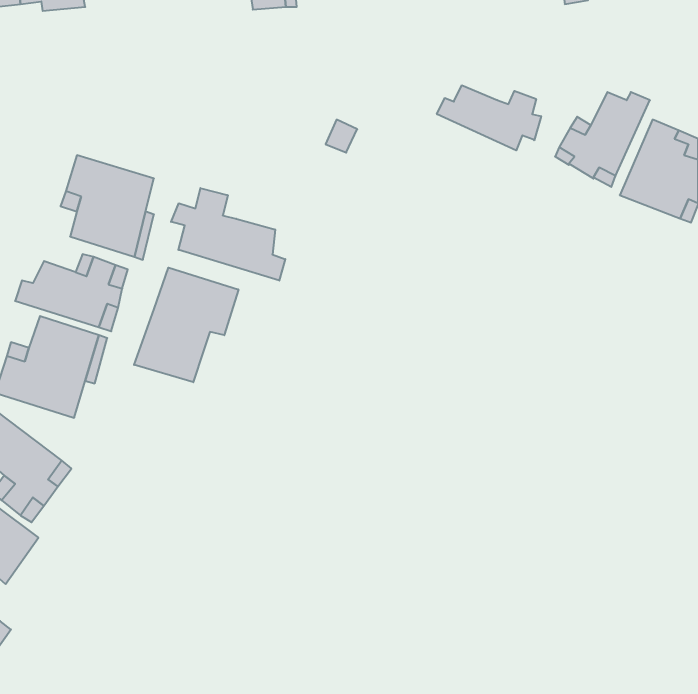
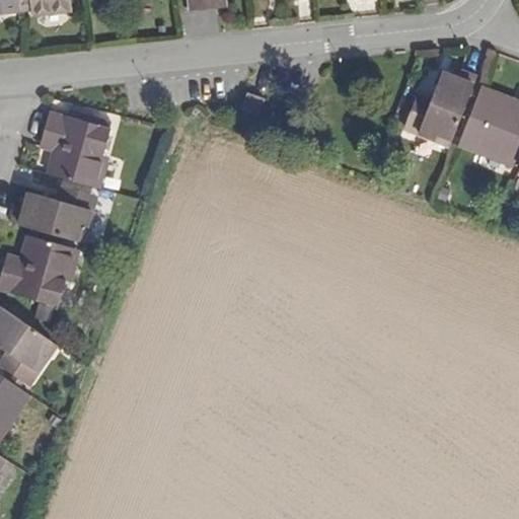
building: [437,85,541,150] -> none
building: [171,188,285,281] -> none
building: [134,268,238,382] -> none

